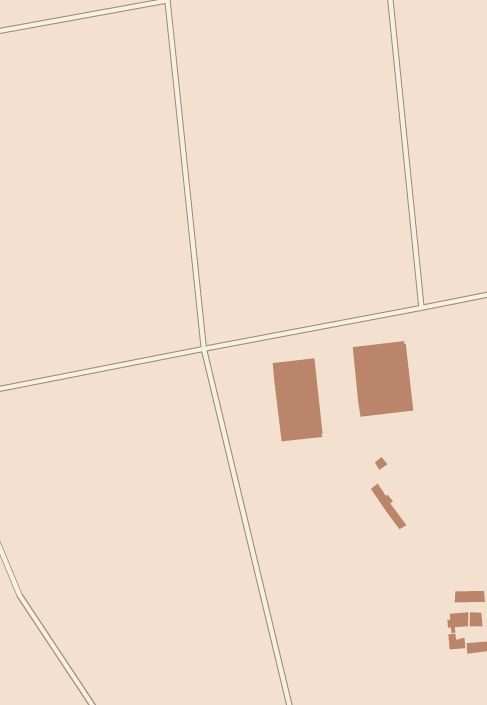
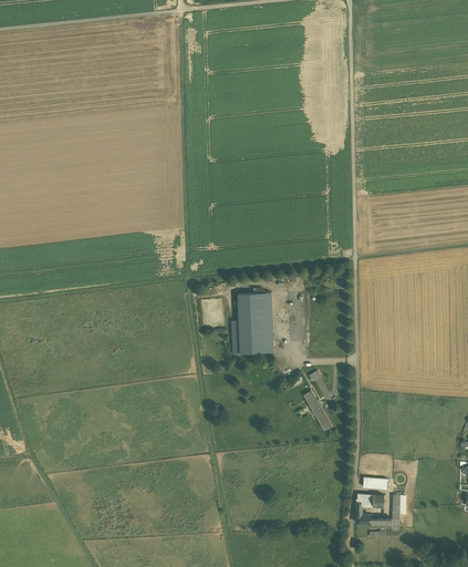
building: [352,340,414,418] -> none

